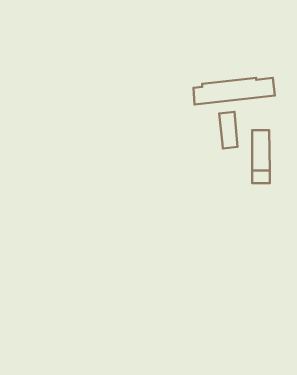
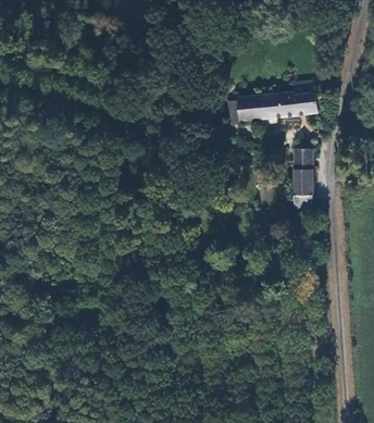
building: [219,112,237,148] -> none

